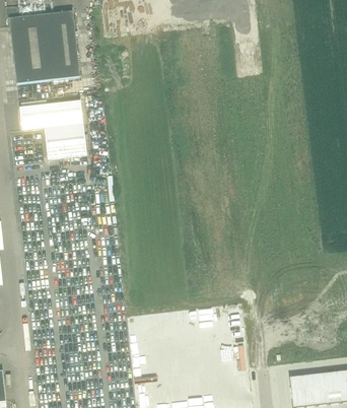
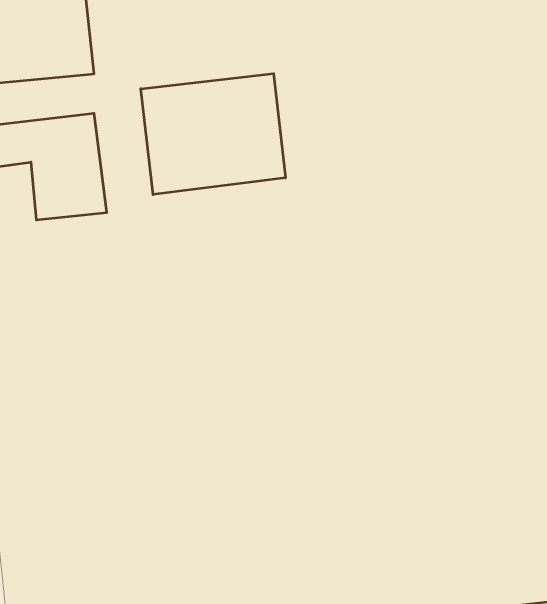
building: none -> [141,74,285,195]

